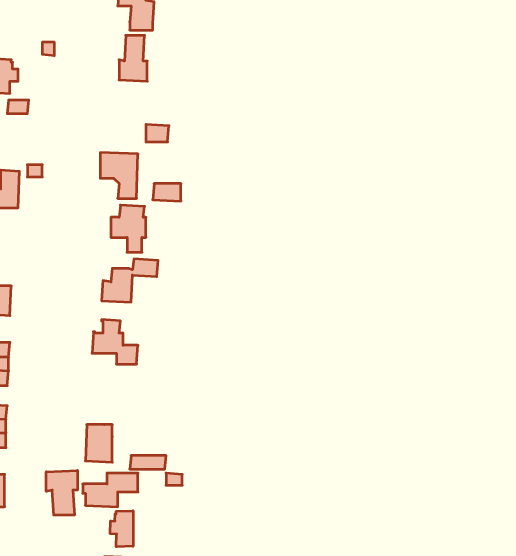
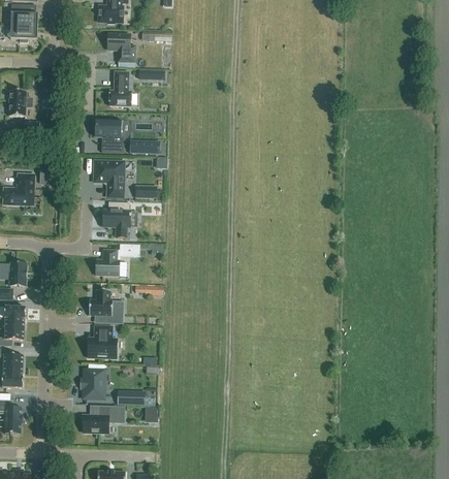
building: none -> [95,117,123,152]
building: none -> [88,325,117,358]
building: [46,470,77,515] -> none
building: [110,511,133,547] -> none

